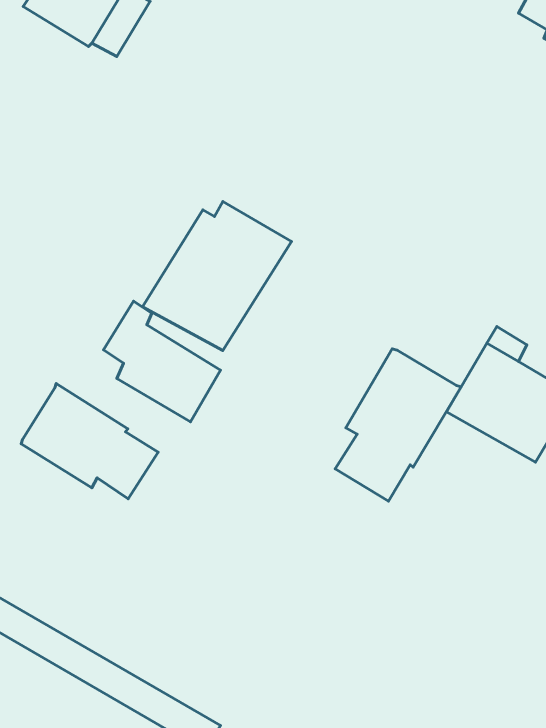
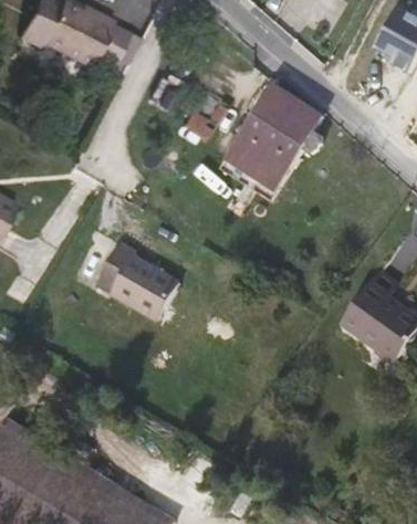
building: [142,201,291,351] -> [229,93,327,191]
building: [335,349,461,501] -> none
building: [21,384,158,499] -> none

